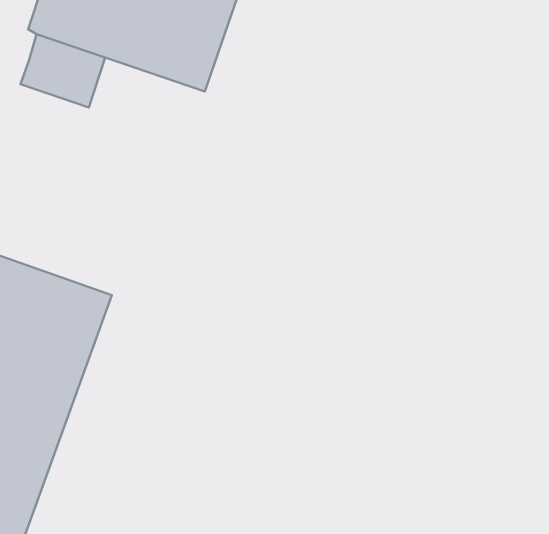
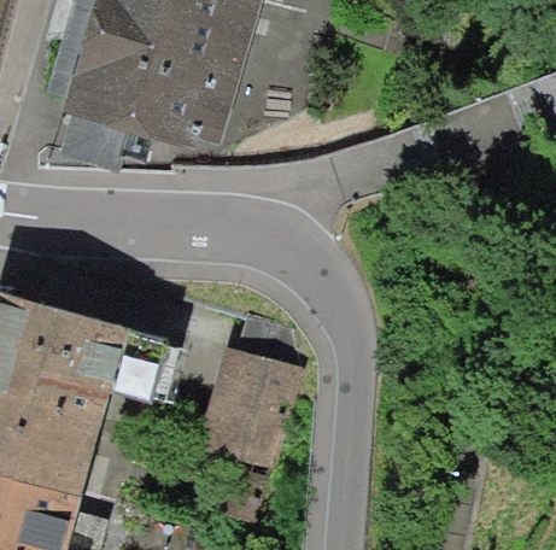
building: none -> [197,353,302,473]

